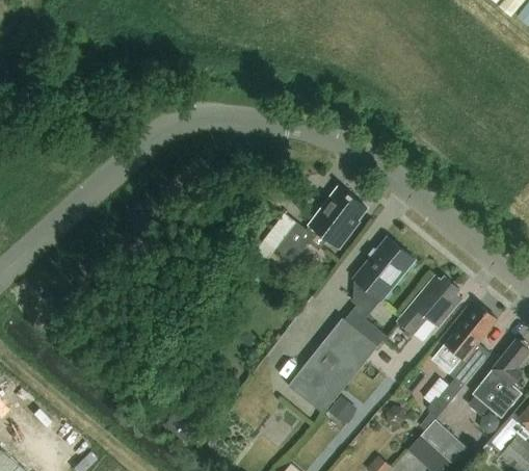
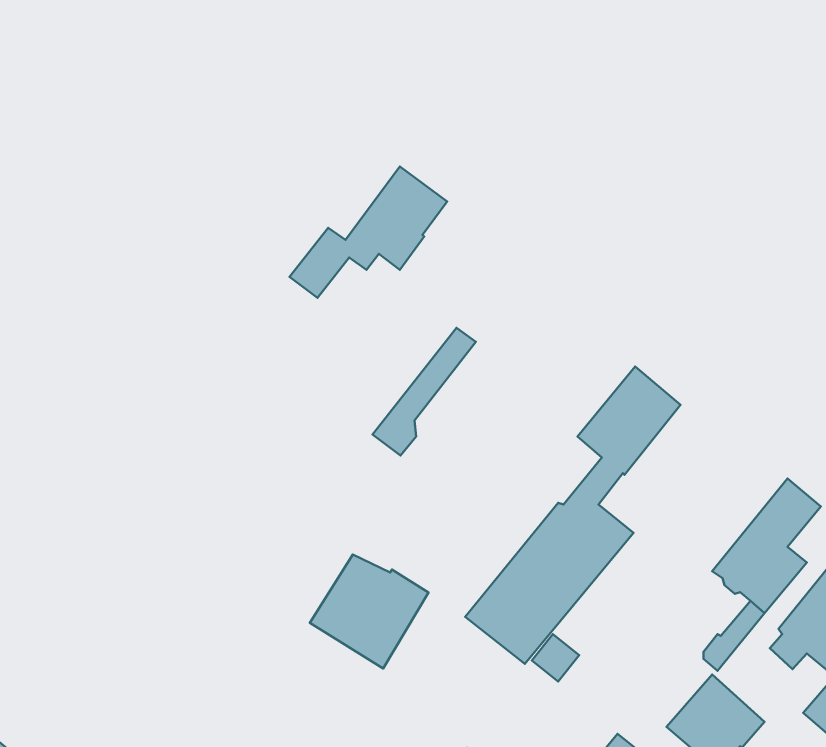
building: [273,185,367,263] -> [290,166,447,298]
building: [398,276,462,335] -> none
building: none -> [310,554,429,668]

